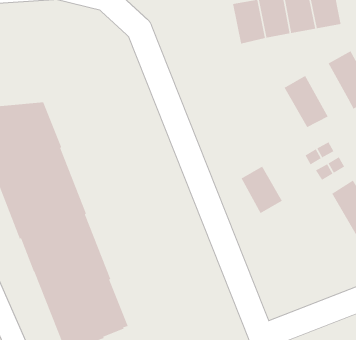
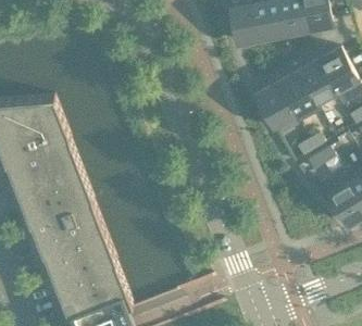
building: none -> [298,64,337,114]
building: [240,165,286,214] -> [257,87,299,133]

